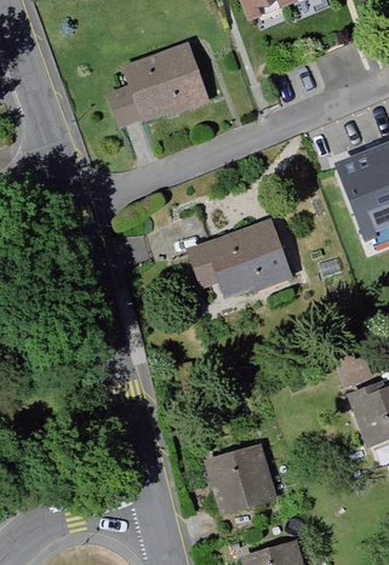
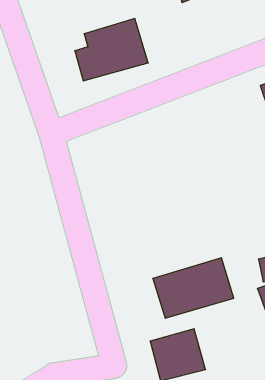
building: [189,221,293,298] -> [153,258,234,318]

